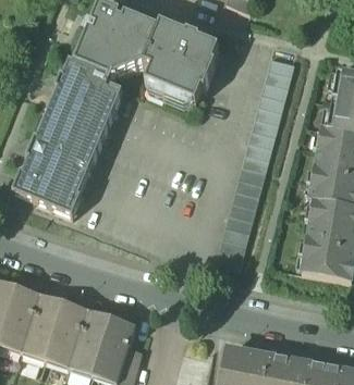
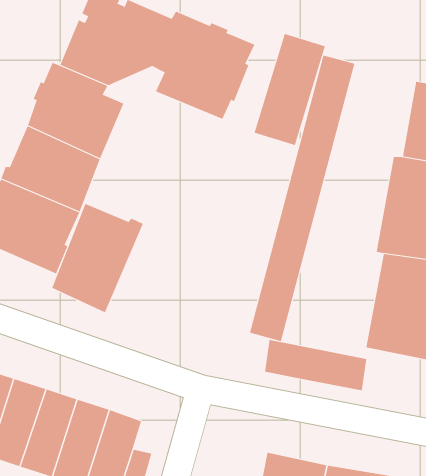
building: none -> [254,33,326,146]
building: none -> [52,203,143,313]
building: none -> [264,339,367,391]

